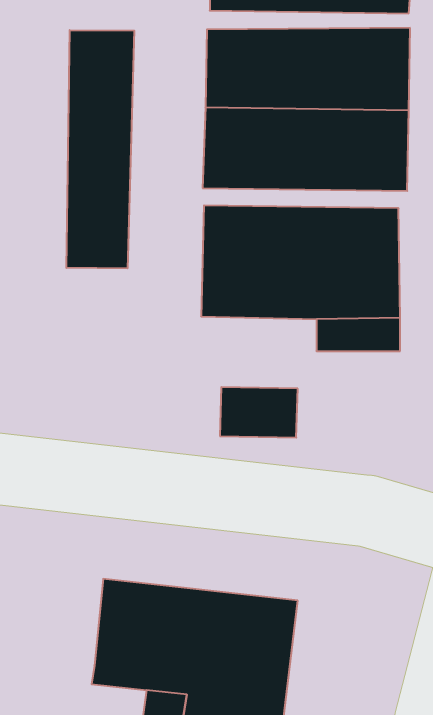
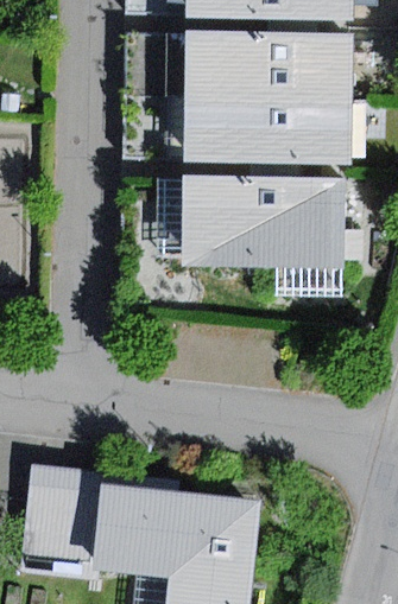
building: [66,30,134,268] -> none
building: none -> [24,464,102,554]

